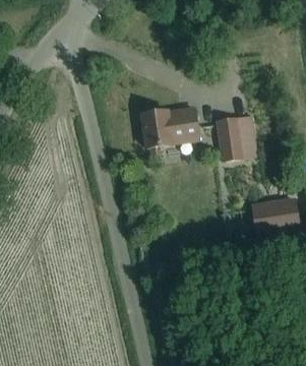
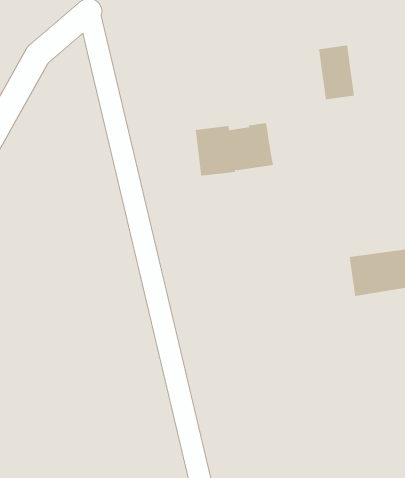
building: [218,120,244,160] -> [318,45,355,100]

